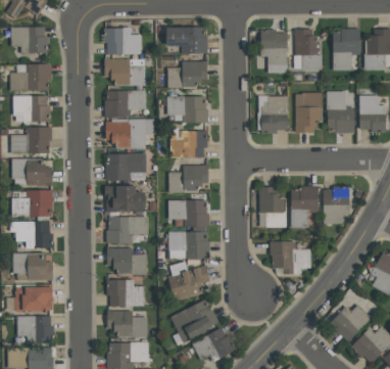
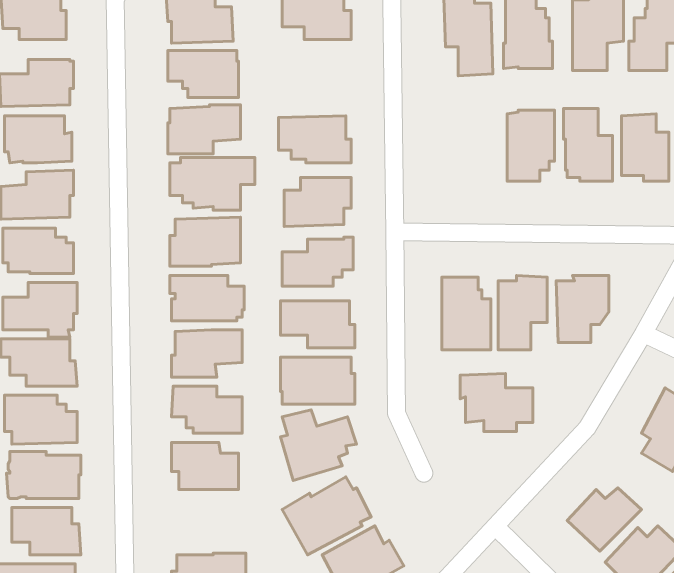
building: [166,60,206,88] -> none
building: [260,95,288,133] -> none
building: [107,311,147,336] -> none

